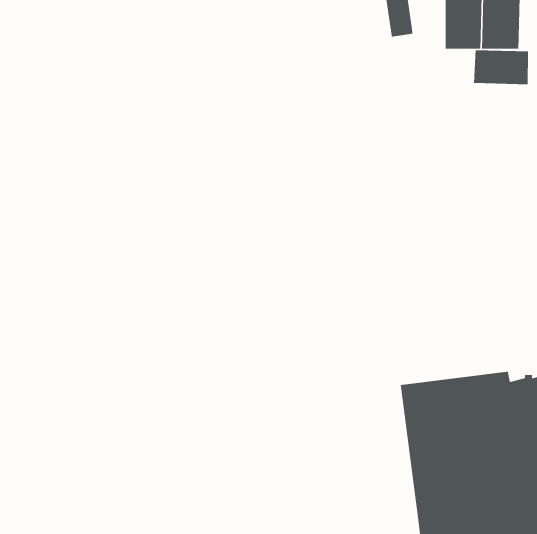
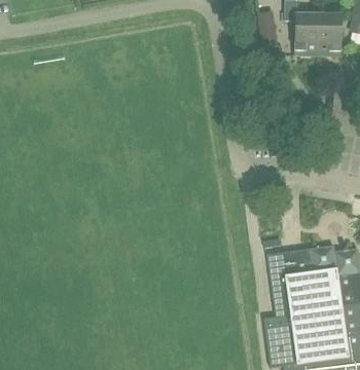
building: [473,50,529,85] -> none

